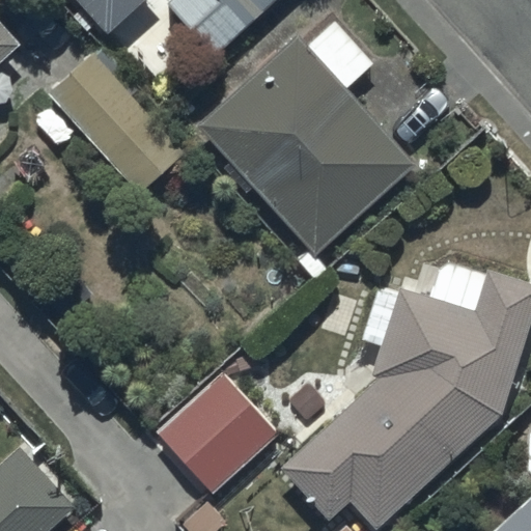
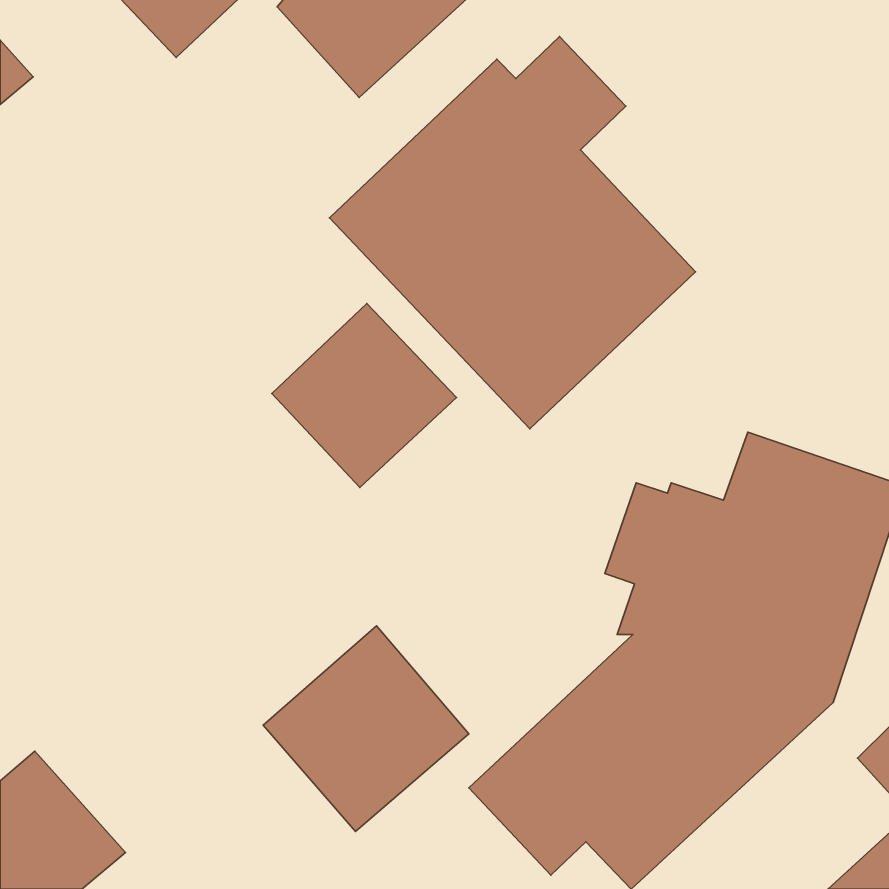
building: [50,54,185,194] -> none
building: none -> [272,304,457,487]

